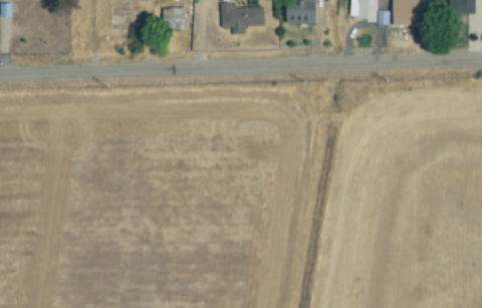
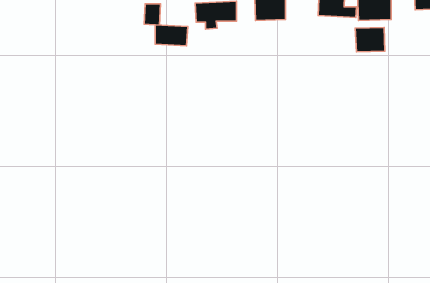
building: none -> [155,25,188,46]
building: none -> [355,27,385,52]

